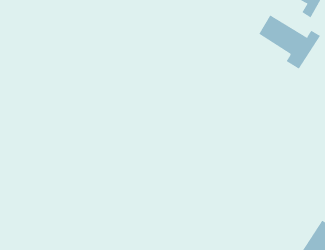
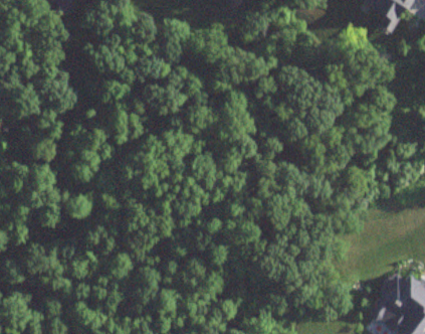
building: [258,14,321,69] -> none

